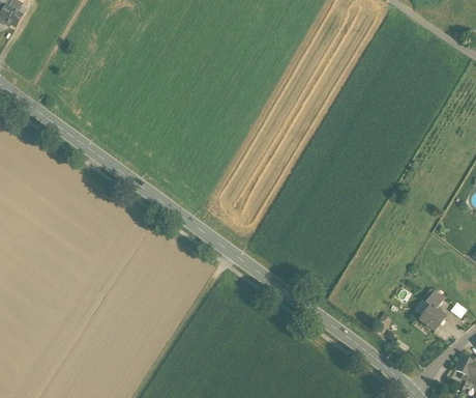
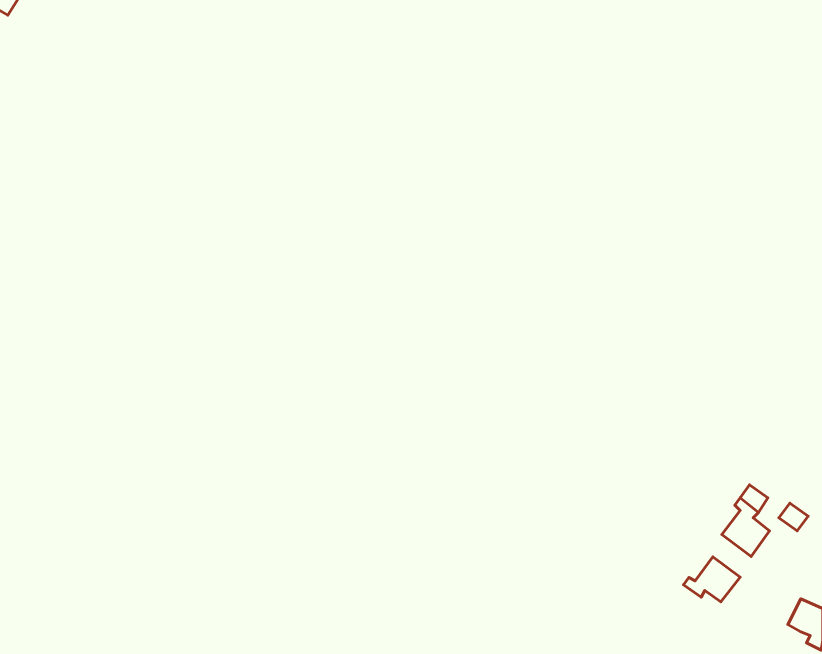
building: none -> [683,557,740,602]

